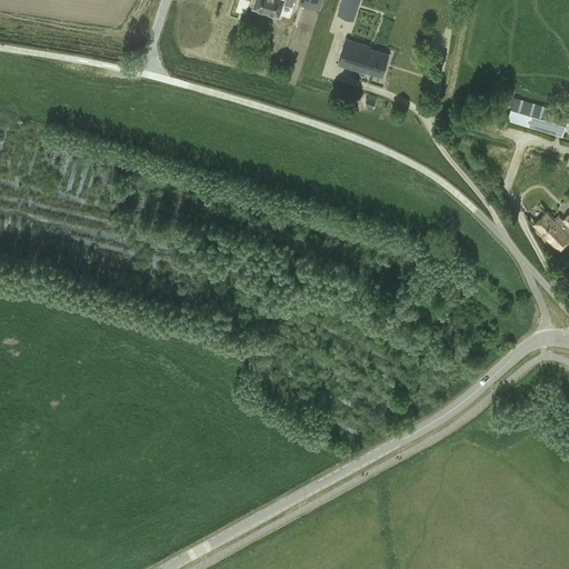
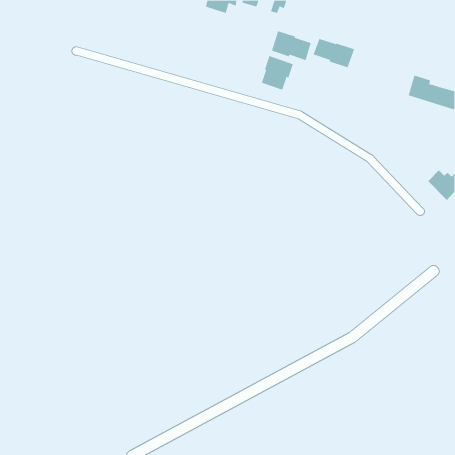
building: none -> [313,38,355,68]
building: none -> [261,55,294,91]

